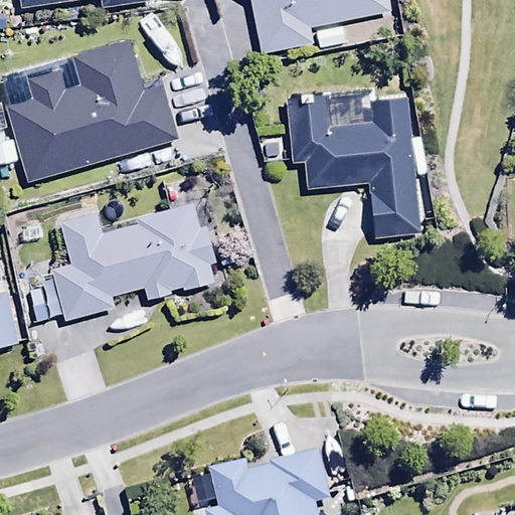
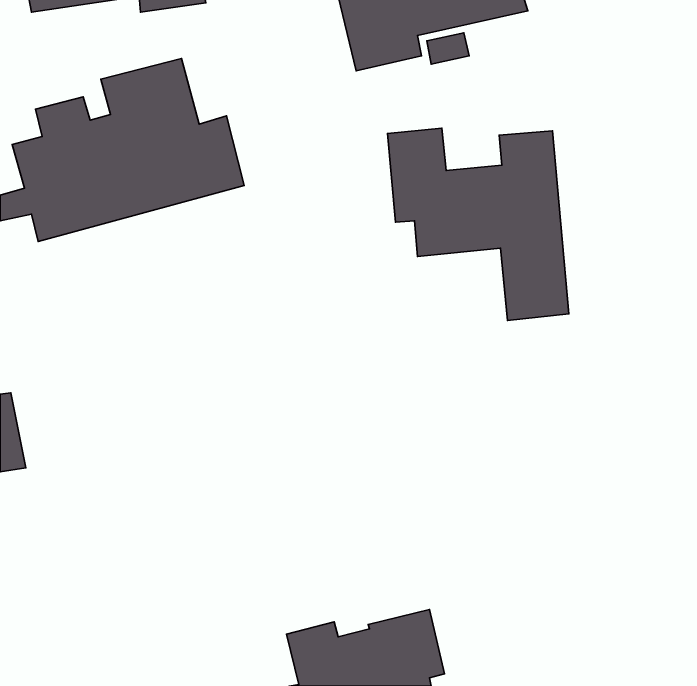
building: [29,201,216,320] -> none

